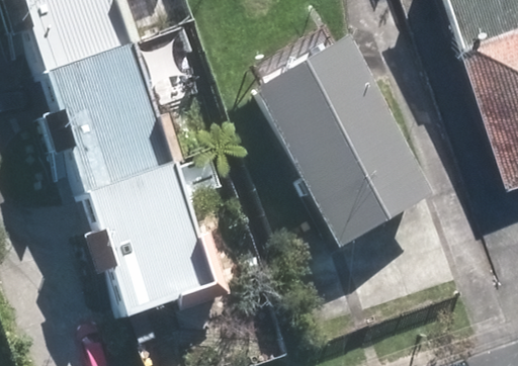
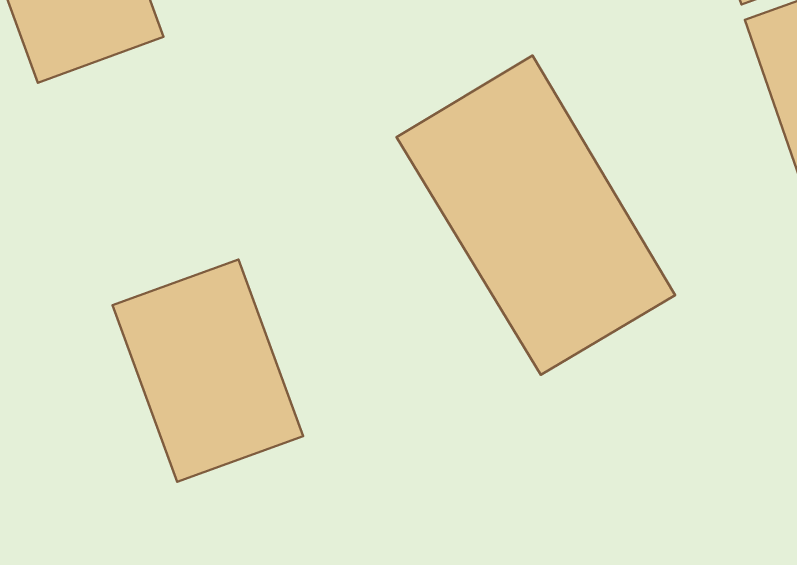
building: [46,56,159,188] -> none

